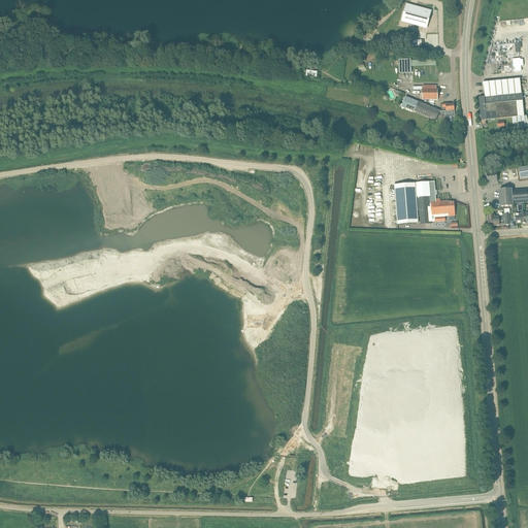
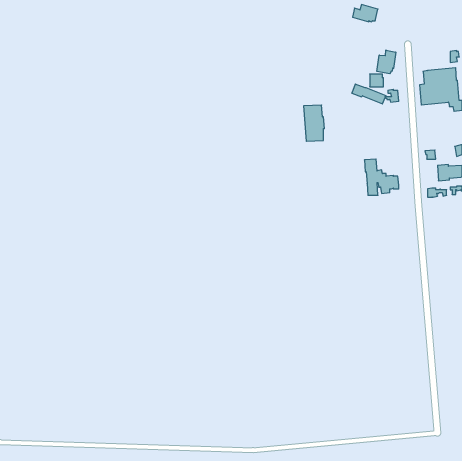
building: none -> [377,50,396,74]
building: [395,183,419,224] -> [304,105,324,141]

